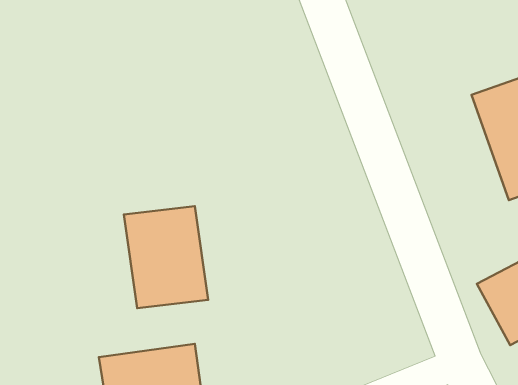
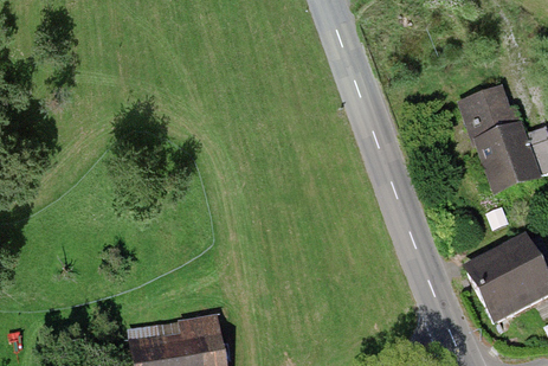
building: [124,206,208,308] -> none

